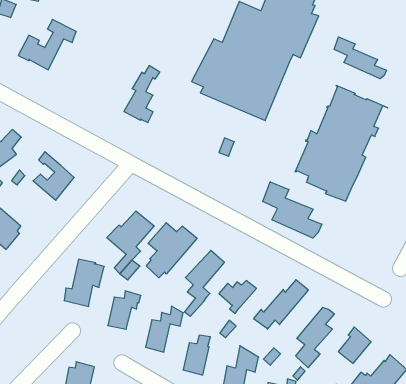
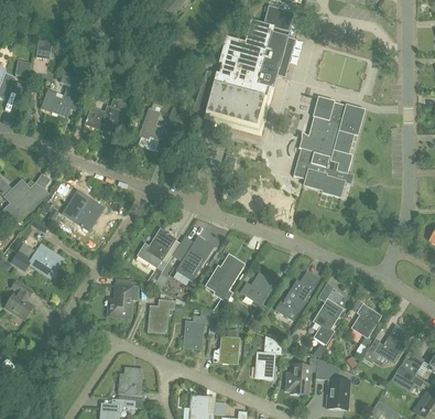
building: [334,37,387,79] -> none
building: none -> [83,98,126,133]
building: [263,182,322,238] -> none

